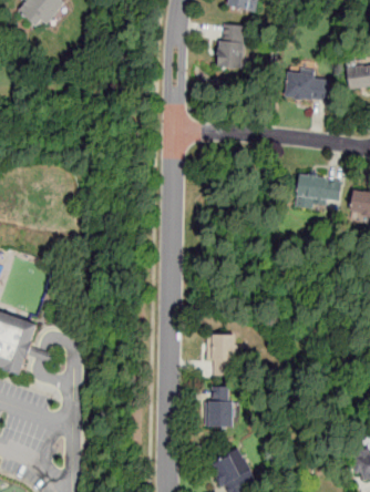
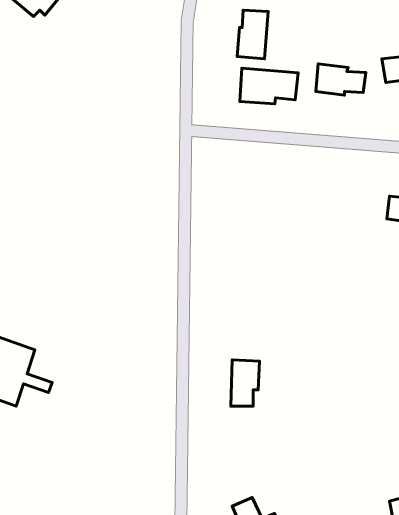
building: none -> [240,68,298,104]
building: [295,174,339,201] -> none
building: [208,387,234,427] -> none

